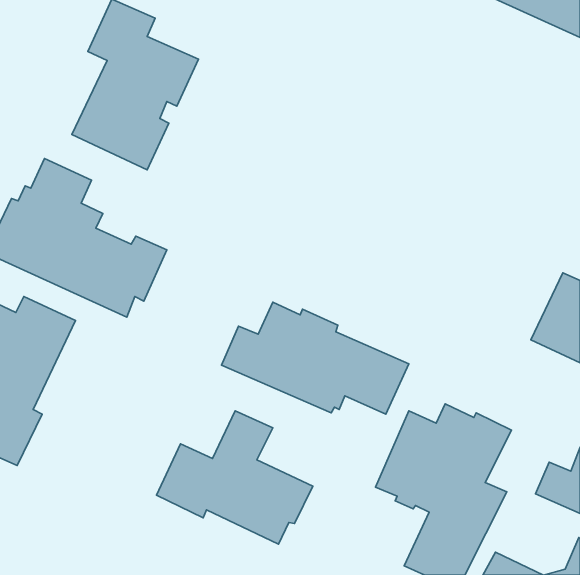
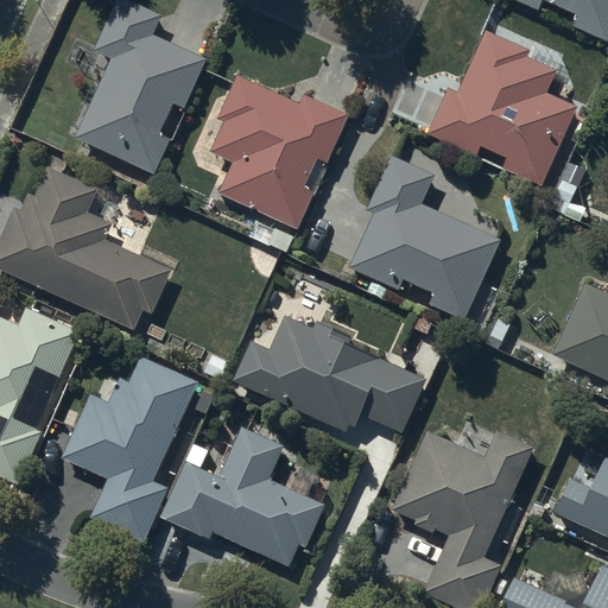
building: none -> [426,24,590,203]
building: none -> [210,74,348,226]
building: none -> [348,156,500,319]
building: none -> [62,356,198,540]

